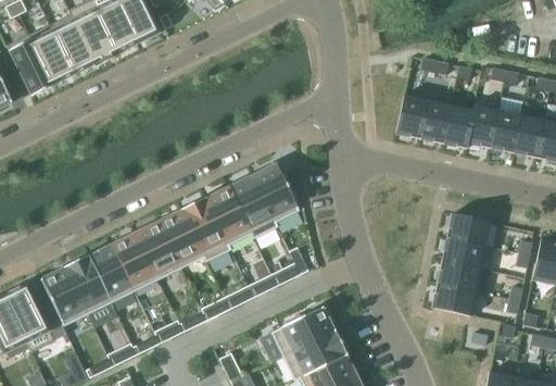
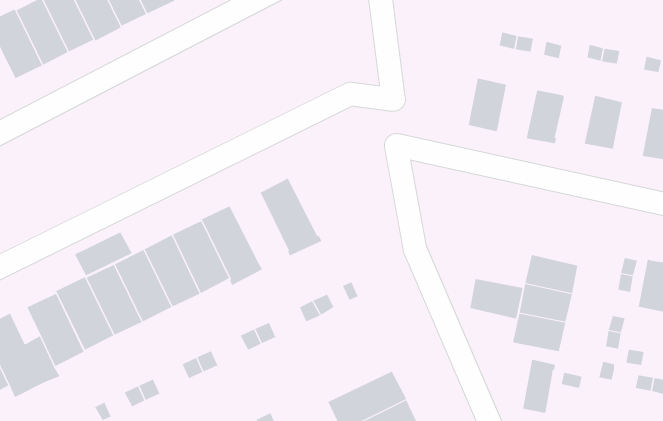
building: [420,100,452,144] -> none
building: [467,104,498,148] -> none
building: [514,114,544,158] -> none
building: [252,163,300,222] -> none
building: [205,187,252,245] -> none
building: [447,213,491,246] -> [470,279,523,319]
building: none -> [74,231,132,276]
building: [271,307,336,356] -> none
building: none -> [523,359,556,414]

